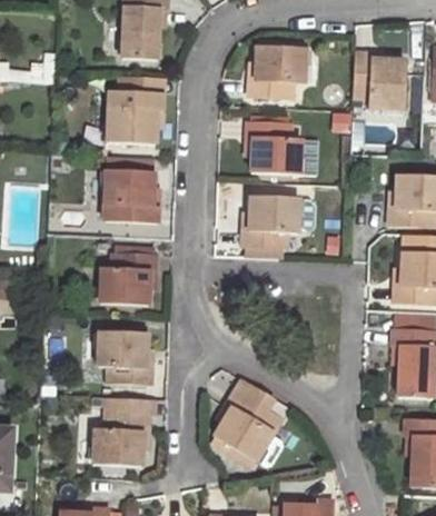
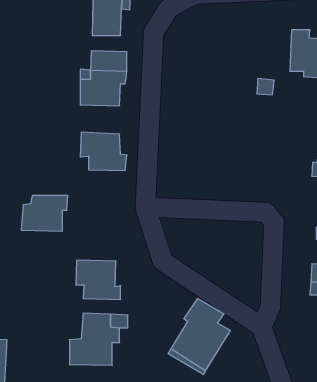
building: [254,40,310,95] -> none
building: [248,127,305,172] -> none
building: [249,202,300,248] -> none
building: [101,256,158,299] -> [21,196,68,231]

